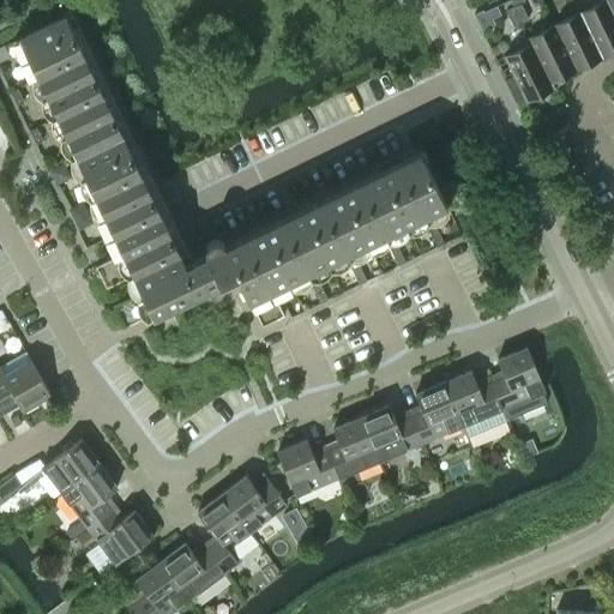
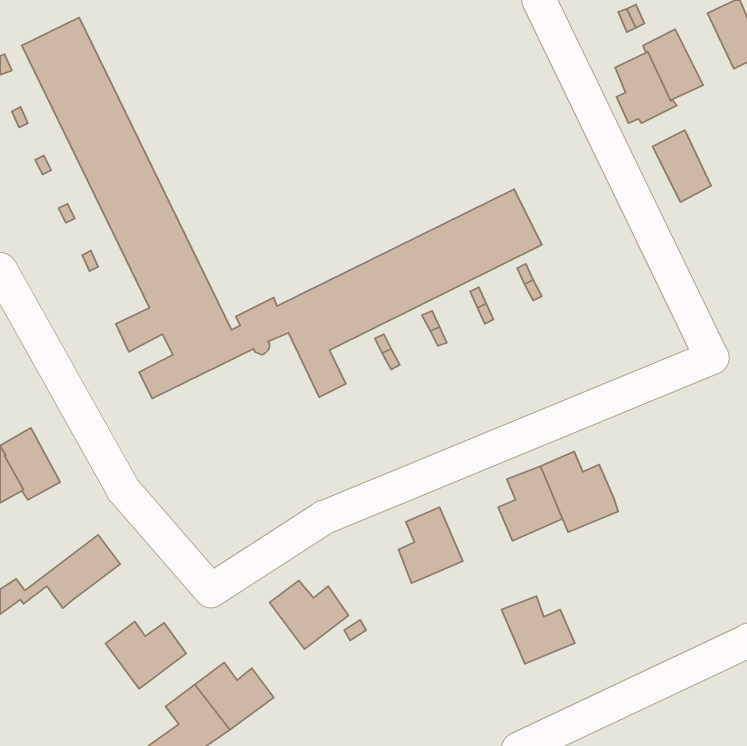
building: [554,13,602,72] -> [653,130,711,202]
building: [492,348,547,421] -> none
building: [361,407,421,462] -> [501,596,575,664]
building: [278,441,338,496] -> none
building: [61,464,118,529] -> none
building: [198,495,251,573] -> none

